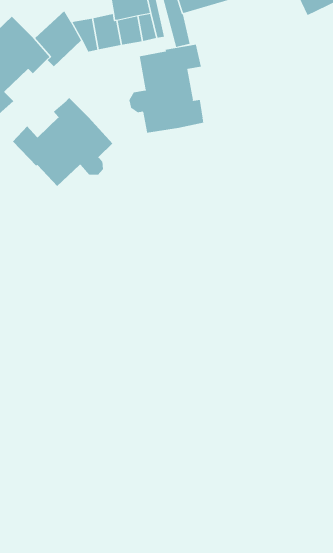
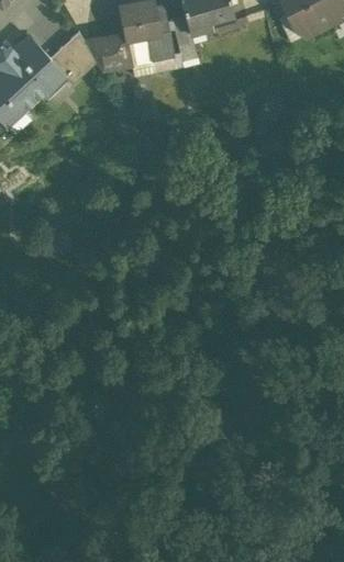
building: [129,44,204,134] -> none
building: [12,97,113,187] -> none

